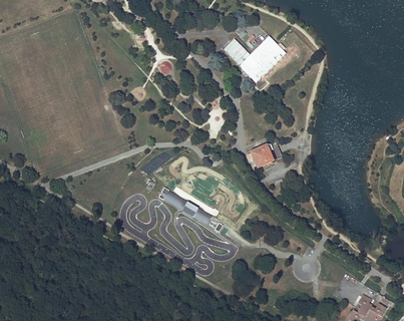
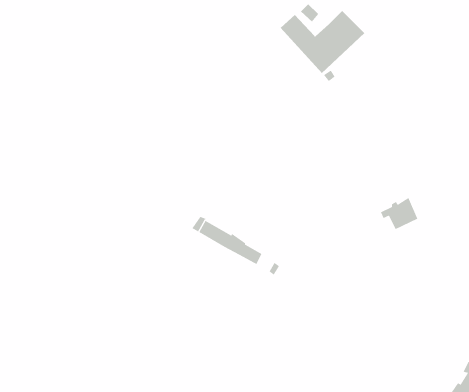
building: [248,141,276,166] -> [380,197,418,230]

